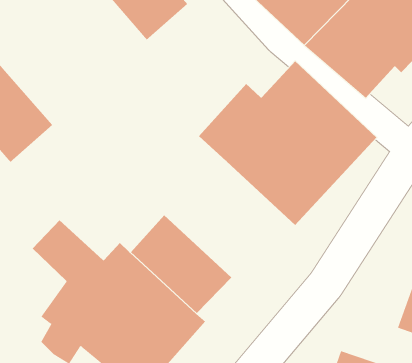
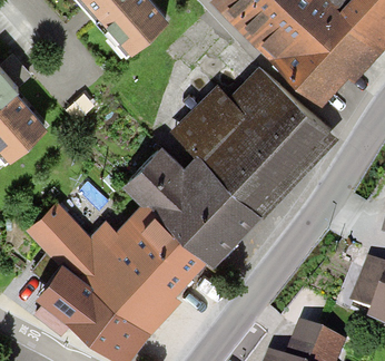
building: none -> [127,147,261,265]

